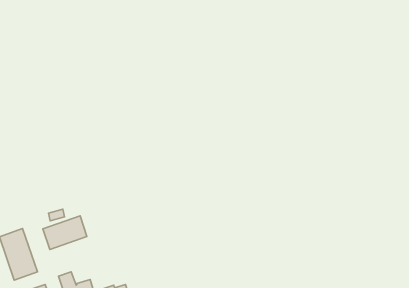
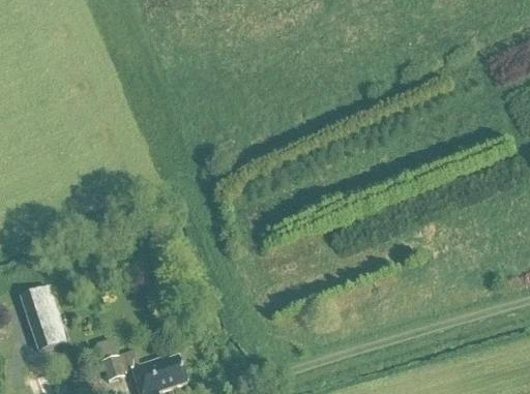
building: [43,216,87,249] -> none

